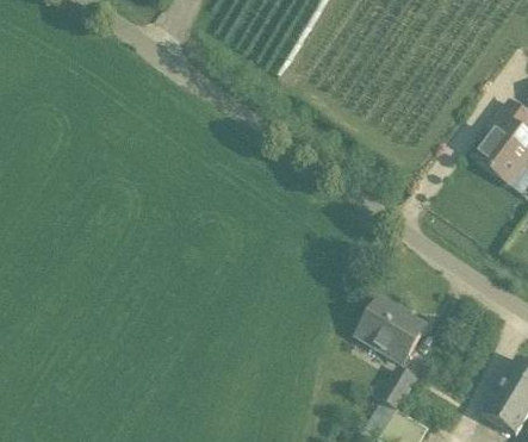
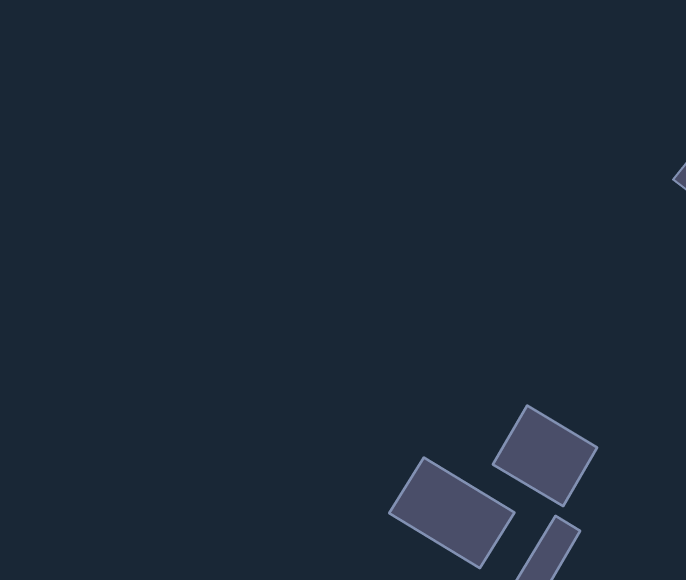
building: none -> [389,458,514,568]

